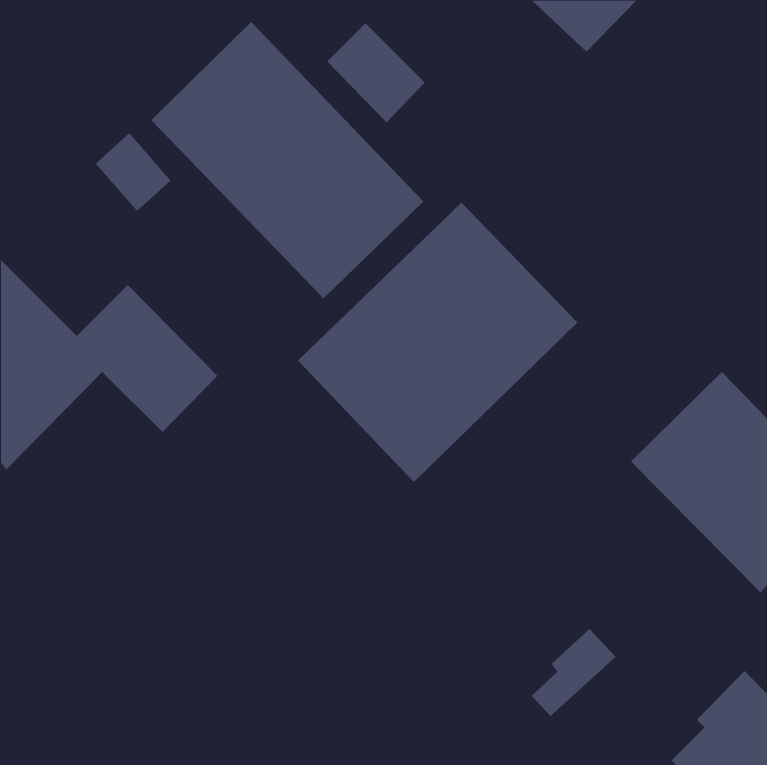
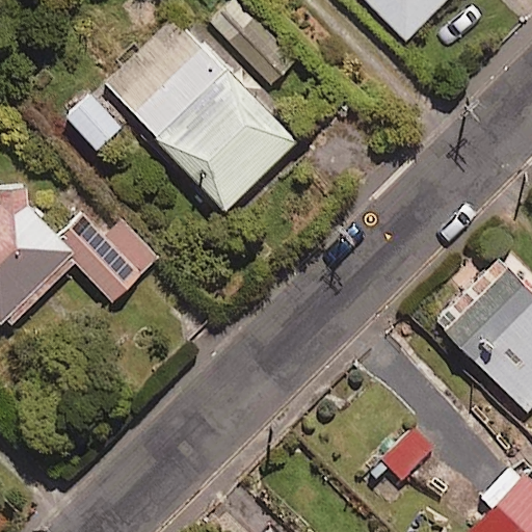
building: [297,202,578,483] -> none

